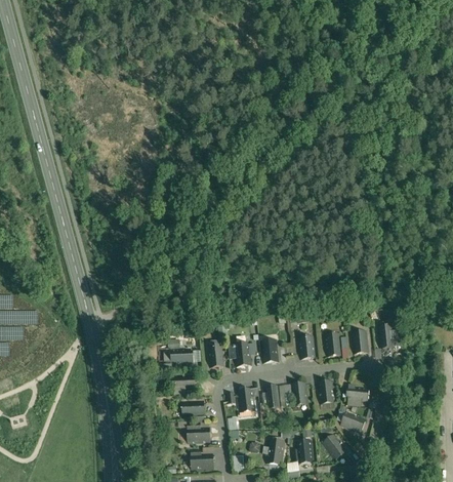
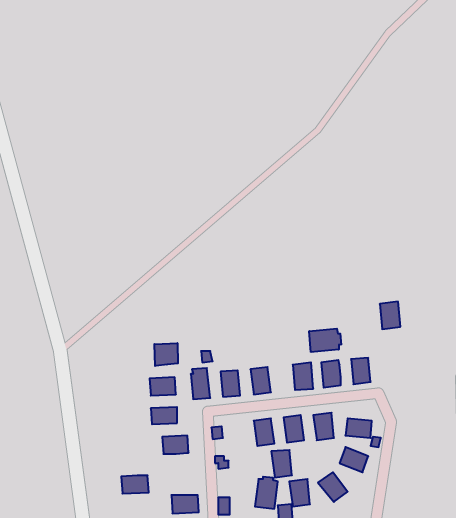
building: none -> [309,329,341,352]
building: none -> [154,343,178,366]
building: [377,324,396,349] -> [380,302,400,329]
building: [238,388,256,412] -> [271,450,292,478]
building: [188,427,212,443] -> [121,475,149,494]

